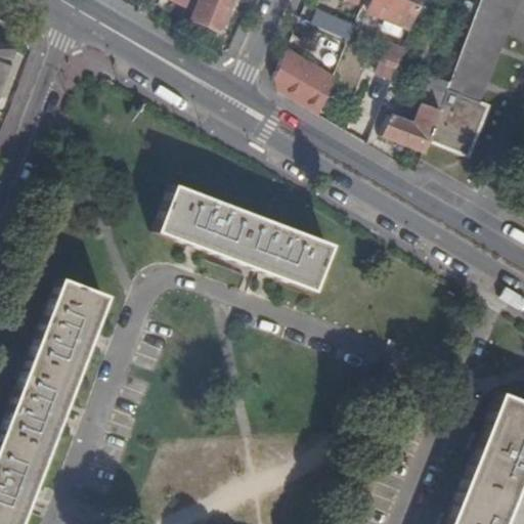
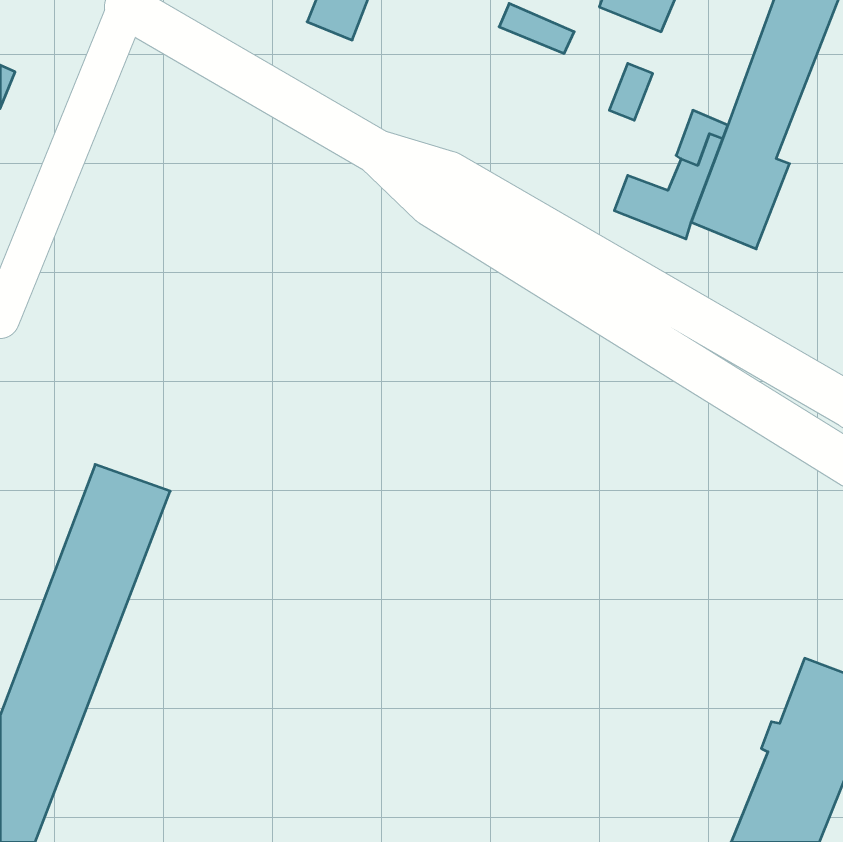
building: [276,44,337,110] -> none
building: [157,193,330,298] -> none

